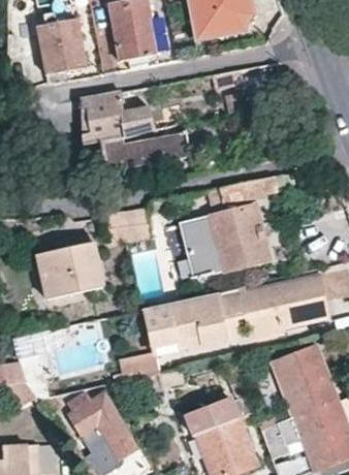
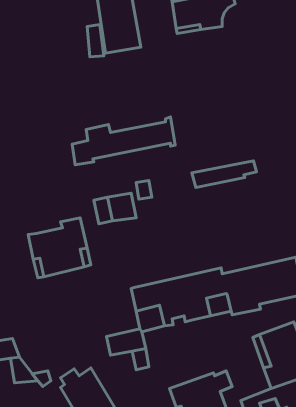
building: [37,19,87,74] -> none
building: [81,90,153,145] -> none
building: [186,203,268,272] -> none

